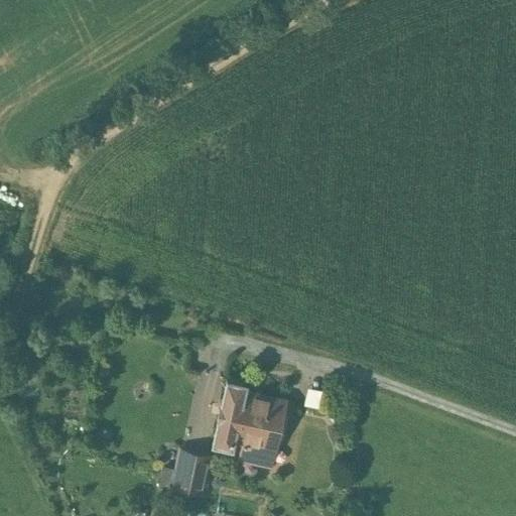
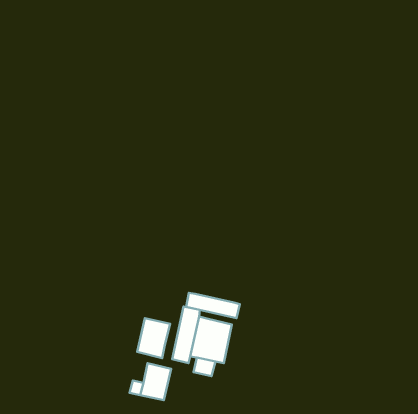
building: none -> [186,293,240,318]
building: none -> [137,318,170,358]

